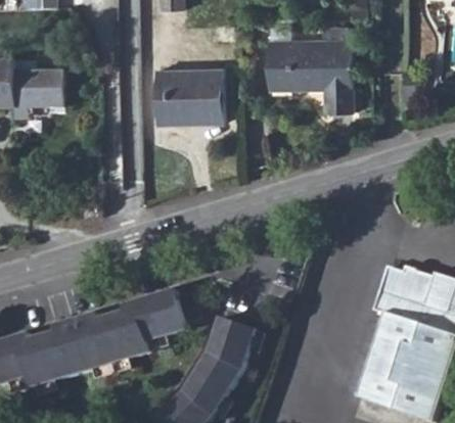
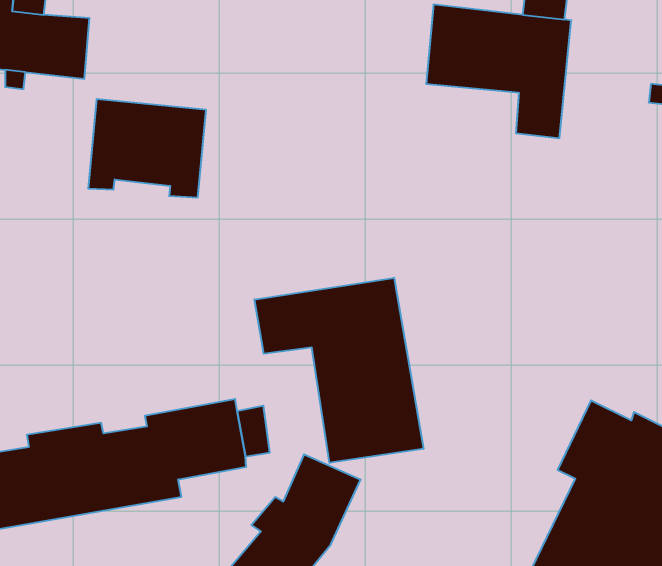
building: [154,68,222,124] -> [88,99,206,197]
building: none -> [254,278,423,463]

